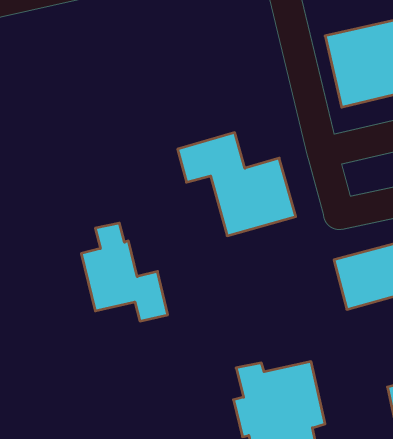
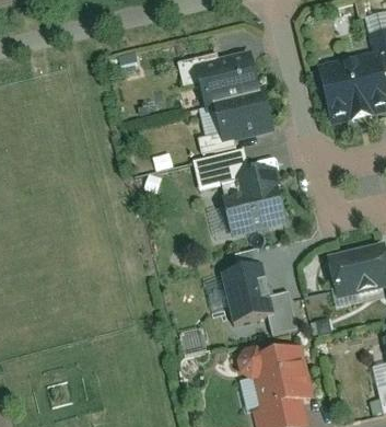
building: none -> [175,41,280,141]
building: [81,223,168,321] -> [220,249,294,333]

